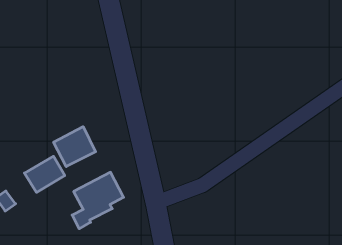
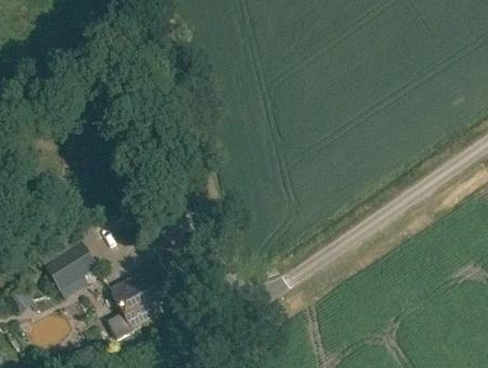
building: [54,127,96,167] -> none

